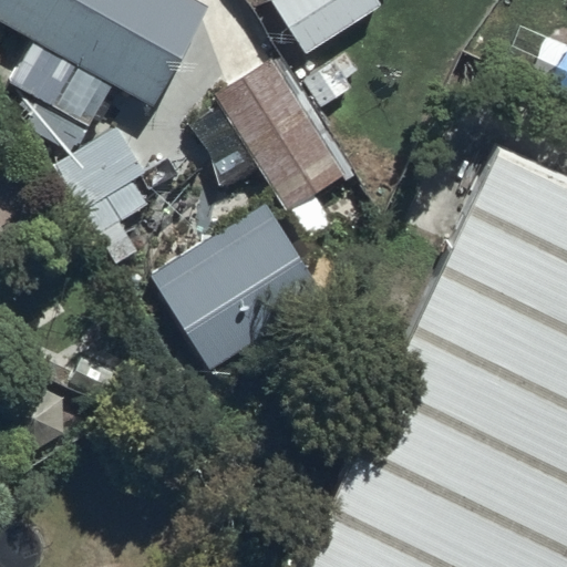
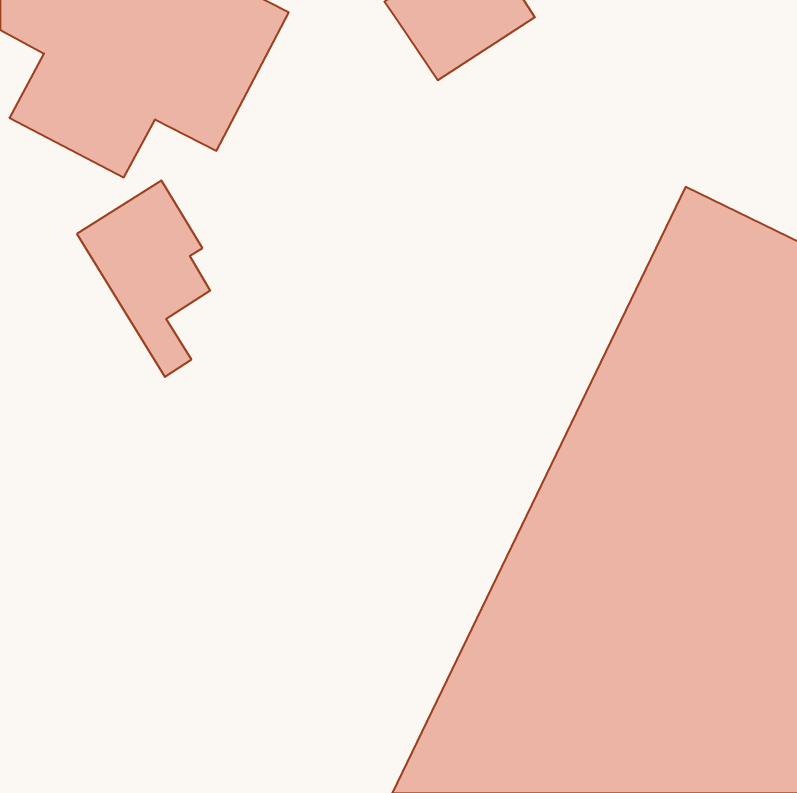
building: [190,60,347,209] -> none
building: [154,206,324,370] -> none

